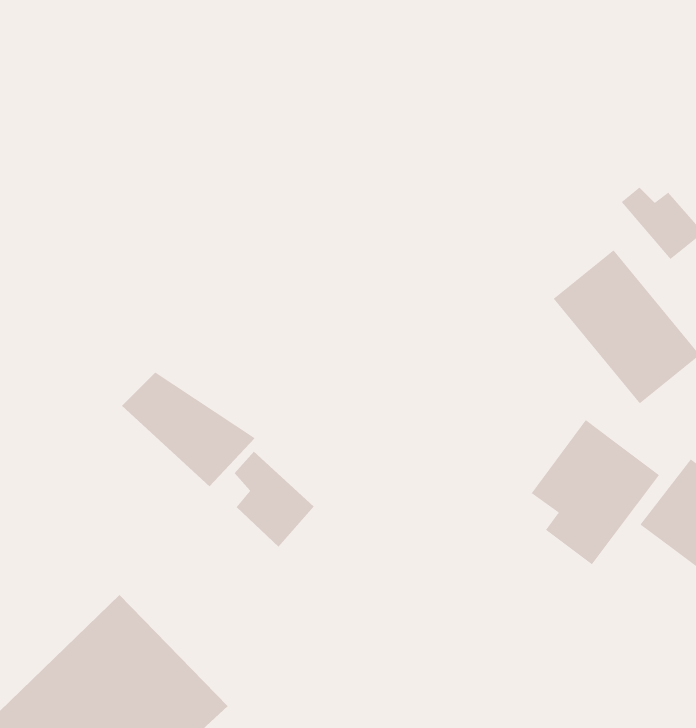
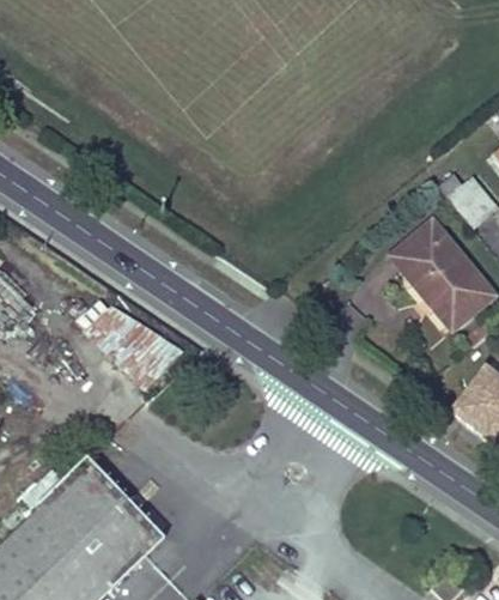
building: [531,419,660,565] -> none
building: [234,451,314,548] -> none

